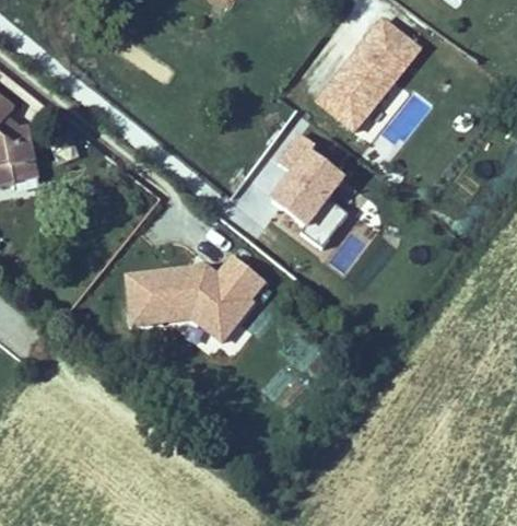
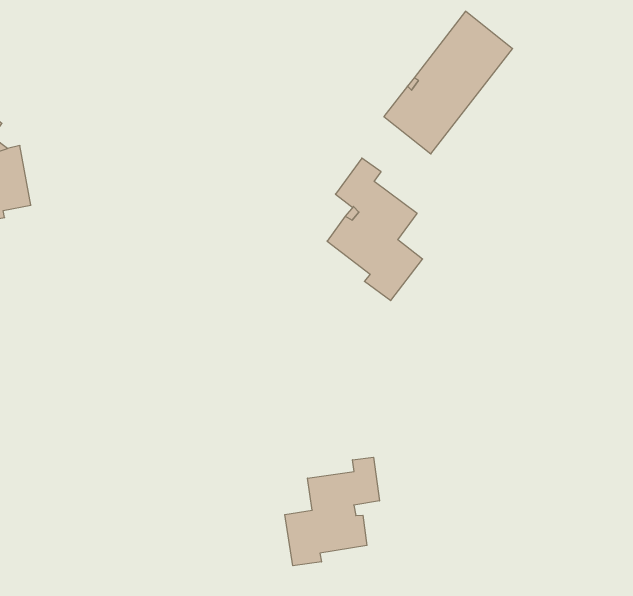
building: [129,256,263,338] -> none
building: none -> [285,457,379,566]

